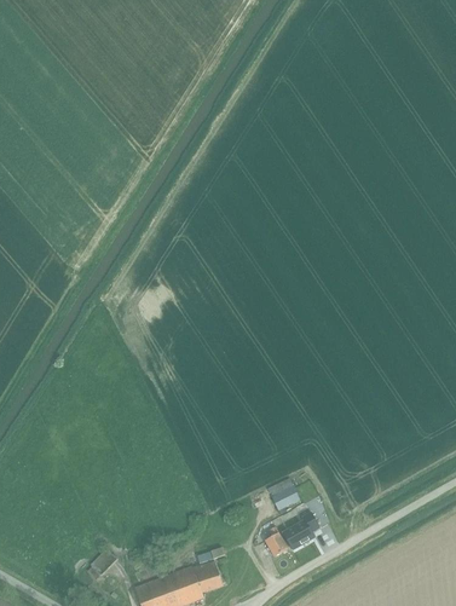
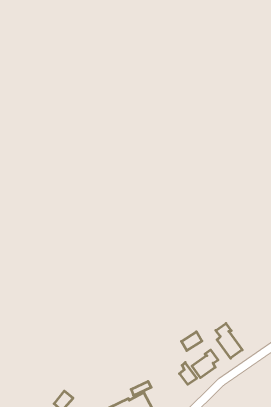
building: none -> [216,323,242,358]

